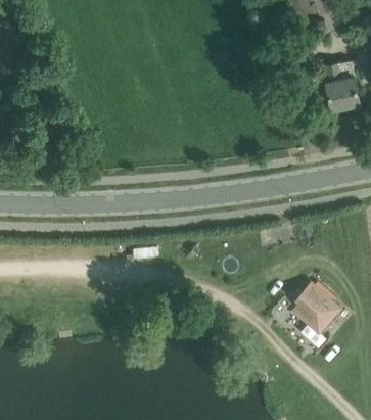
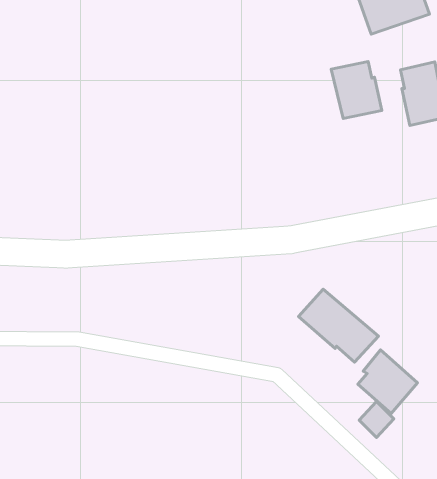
building: none -> [331,62,382,119]
building: none -> [299,289,379,362]

